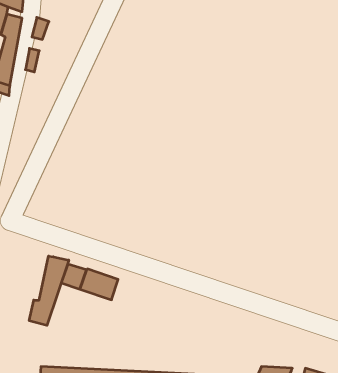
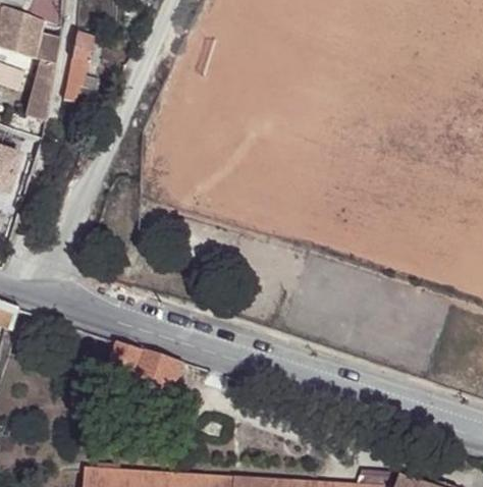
building: [29,256,69,325] -> none

